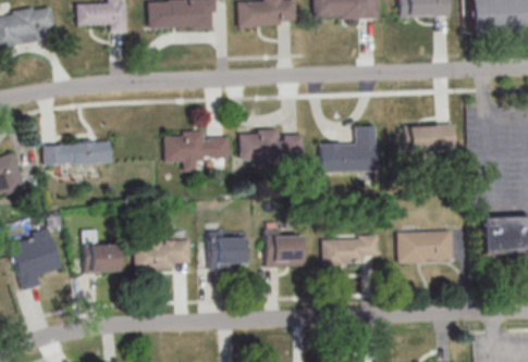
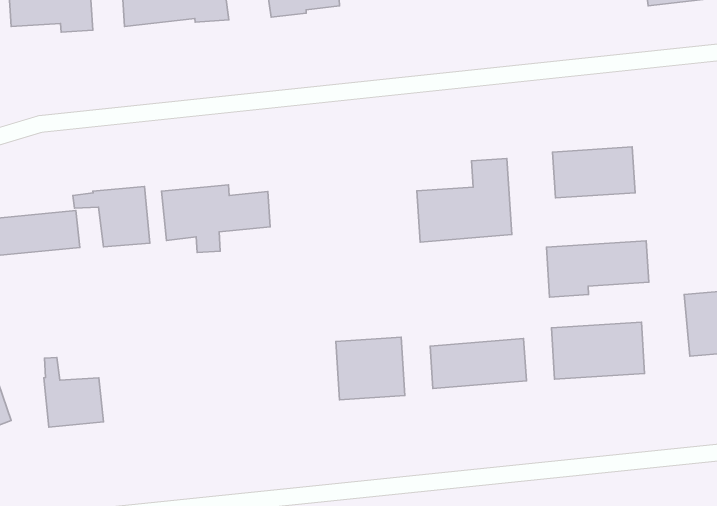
building: none -> [73,187,150,247]
building: [238,128,304,160] -> none
building: none -> [546,241,649,297]
building: [209,232,248,269] -> none
building: [135,240,191,267] -> none

